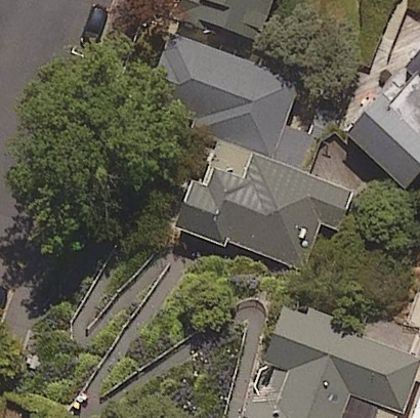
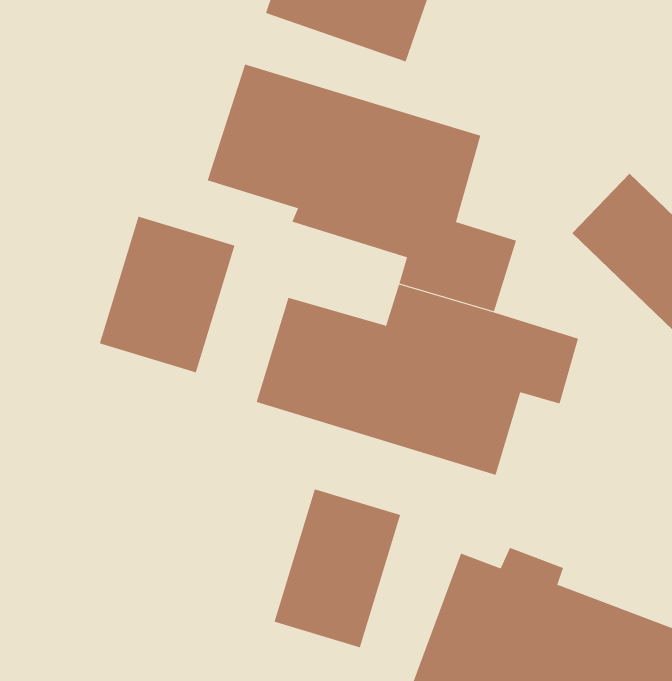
building: none -> [99,216,235,373]
building: none -> [274,488,401,648]

